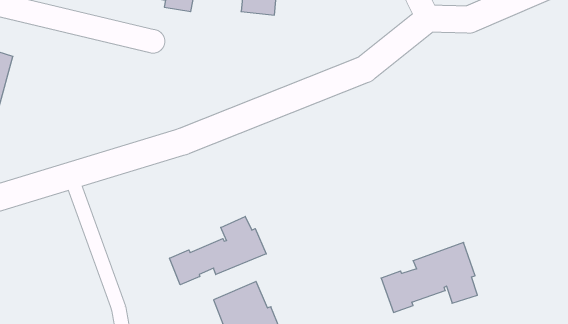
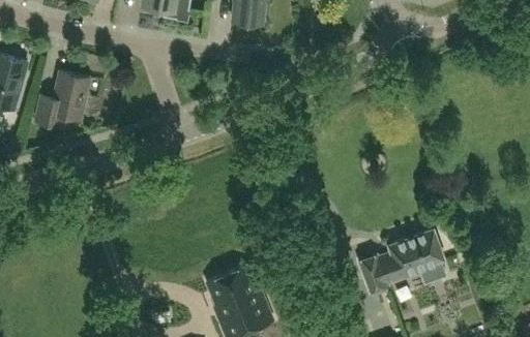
building: none -> [35,71,90,127]
building: [170,216,266,285] -> none

